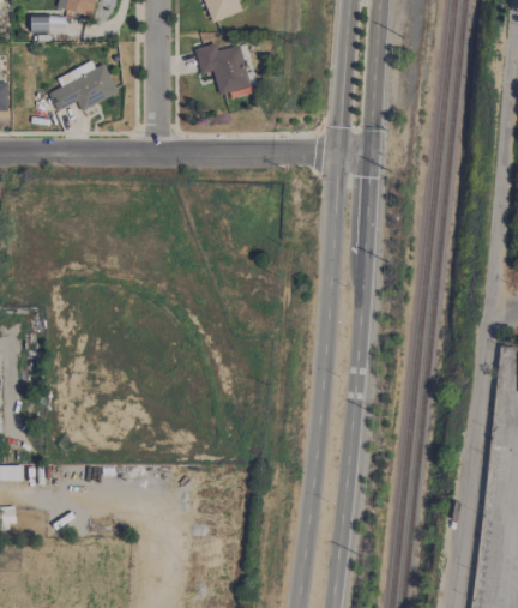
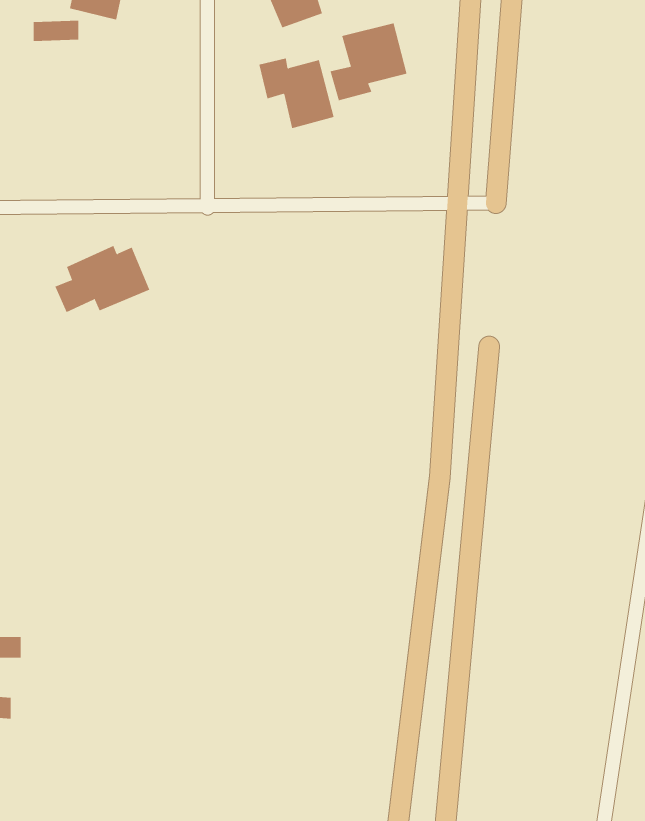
building: none -> [330,22,407,101]
building: [49,61,119,110] -> [55,245,150,313]

